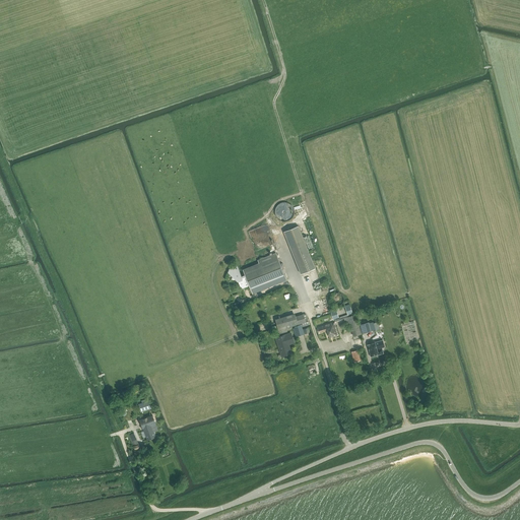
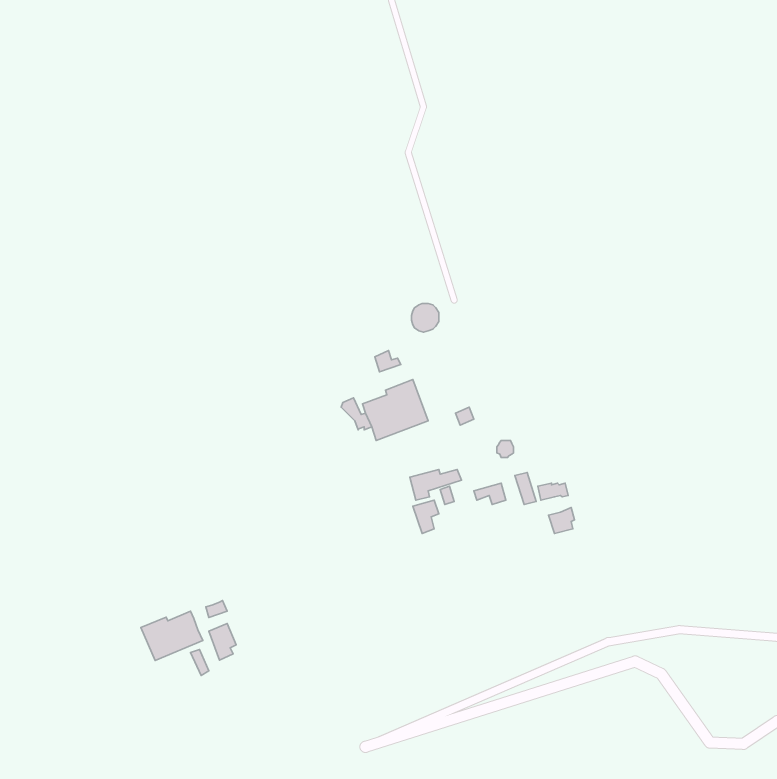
building: [282,225,314,274] -> none
building: none -> [141,611,203,661]

